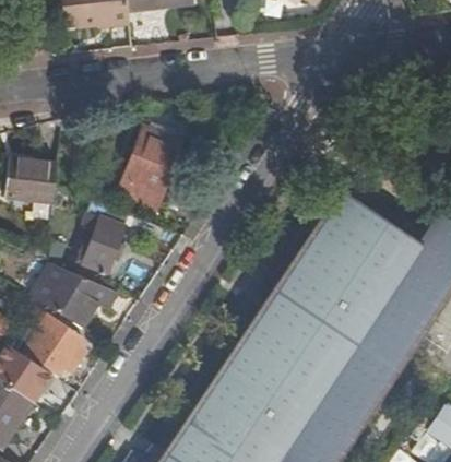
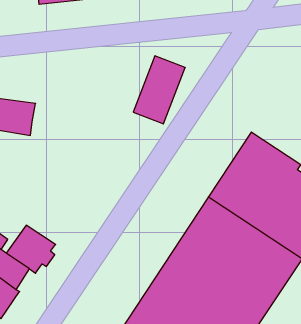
building: [115,118,182,206] -> [133,56,185,124]
building: [78,199,130,272] -> none
building: [31,268,119,328] -> none

